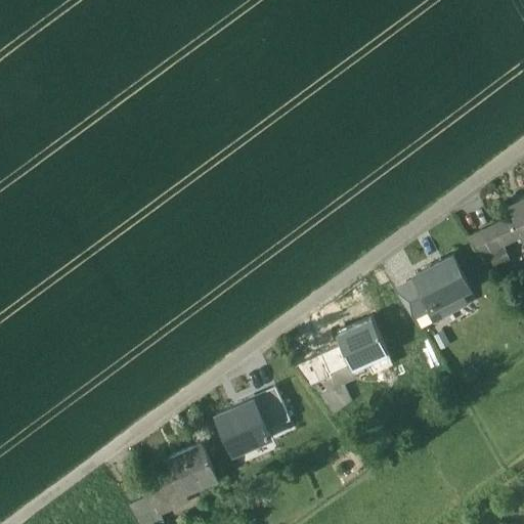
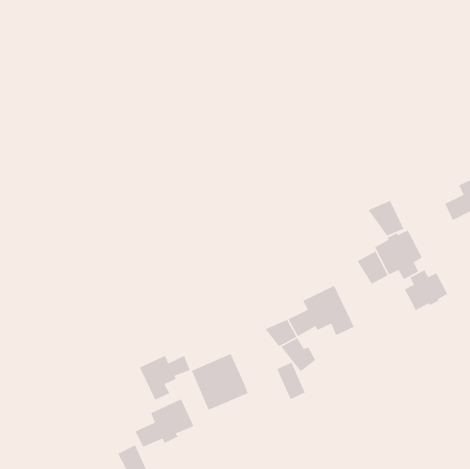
building: [469,228,510,269] -> [367,200,404,237]
building: none -> [404,269,448,311]
building: [258,386,291,429] -> [276,361,306,400]
building: none -> [139,355,191,401]

